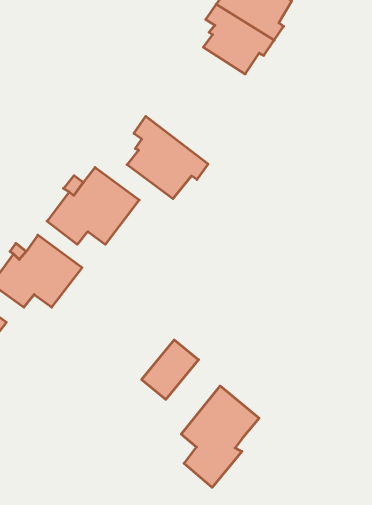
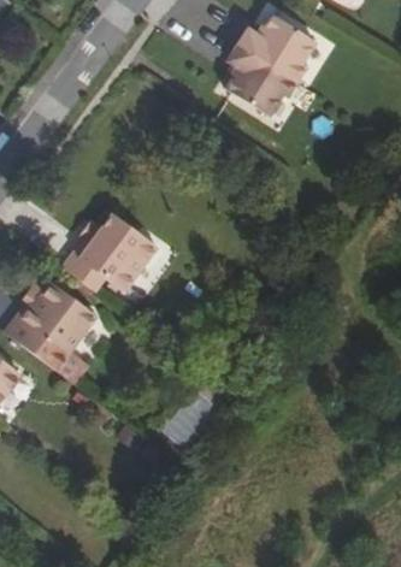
building: [127,116,208,199] -> none
building: [181,386,259,487] -> none

